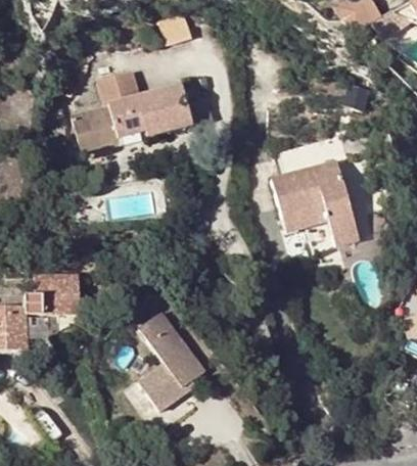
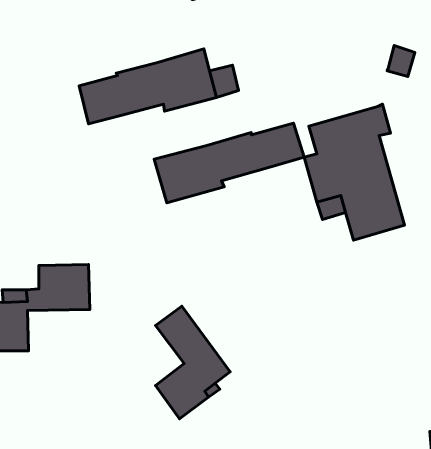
building: [98,68,140,103] -> none
building: none -> [154,123,304,203]

